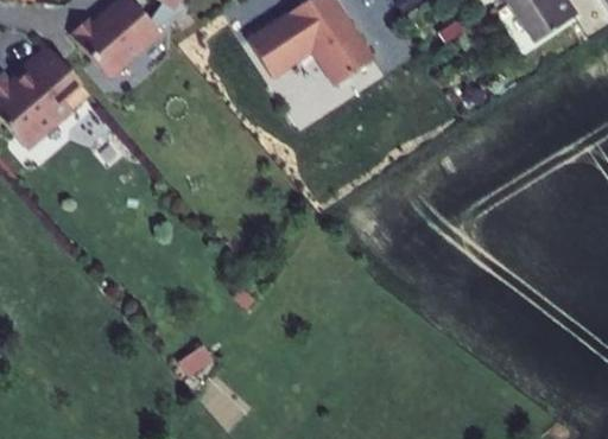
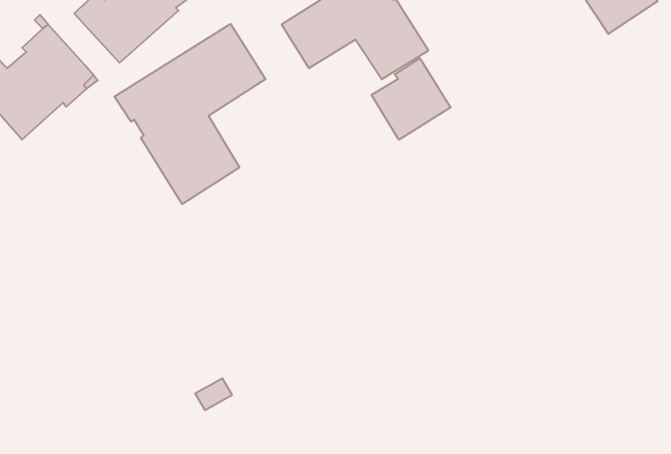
building: none -> [115,24,266,204]
building: none -> [372,58,451,140]

